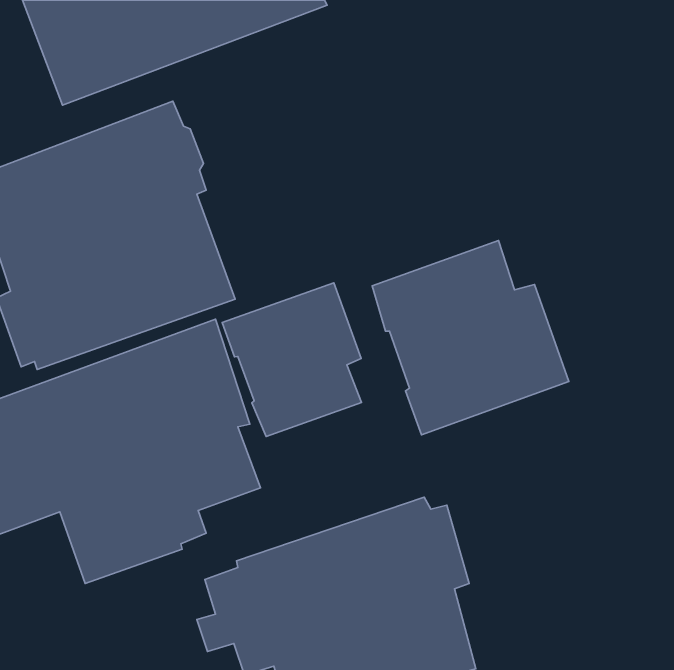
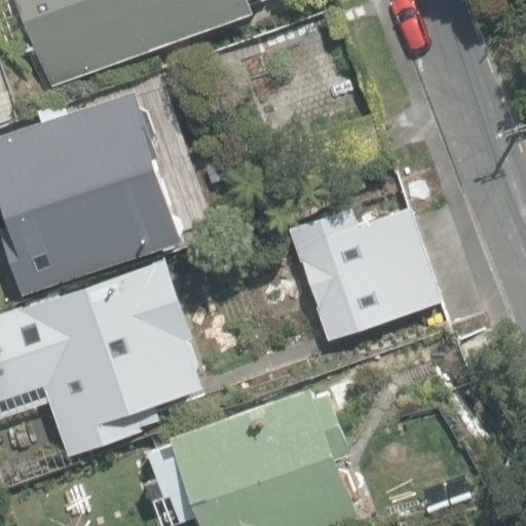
building: [222,283,362,437] -> none

